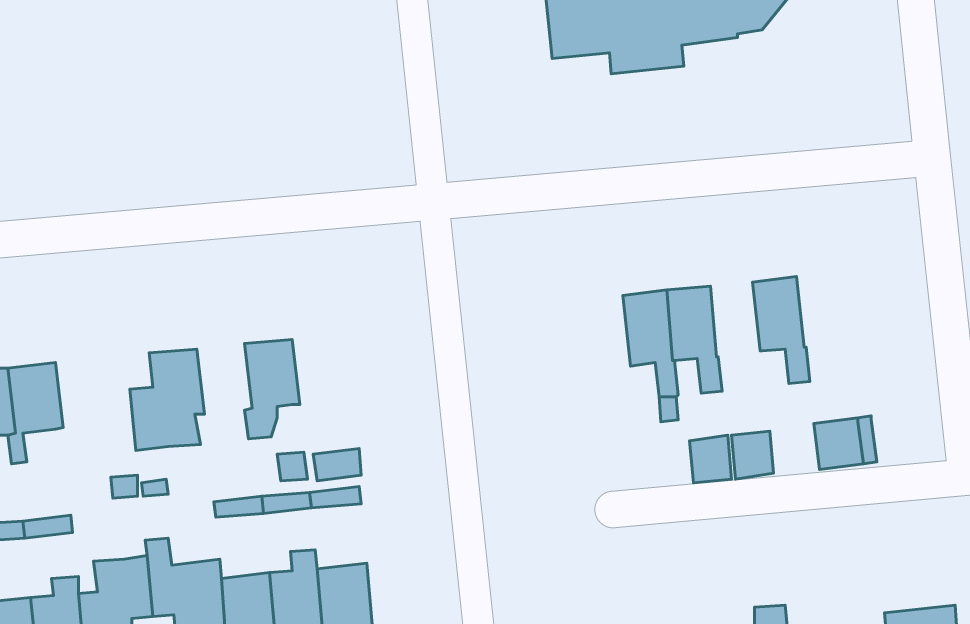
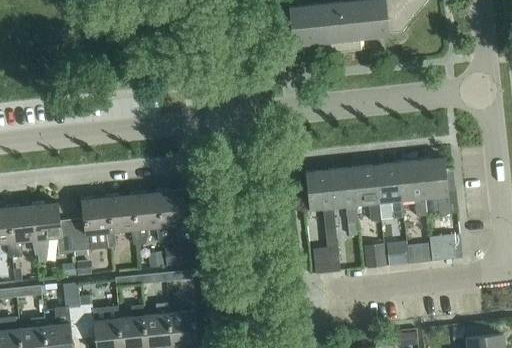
building: none -> [420,157,450,213]
building: none -> [375,162,404,218]
building: none -> [305,169,340,273]
building: none -> [156,189,186,241]
building: none -> [105,194,135,247]
building: none -> [32,202,74,262]

